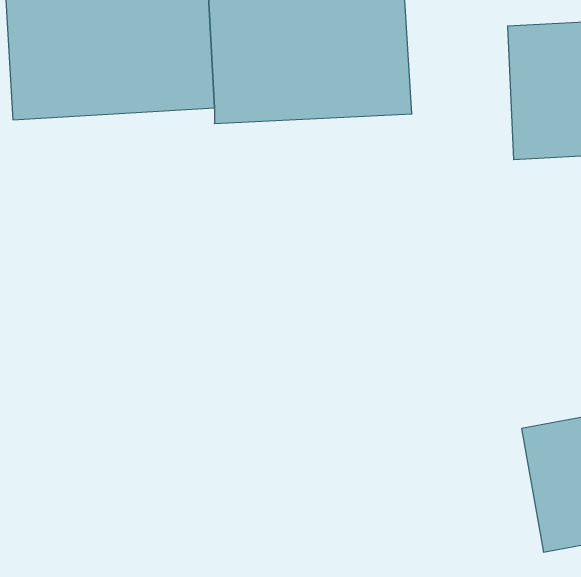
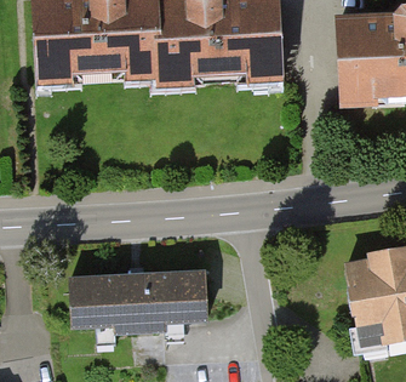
building: none -> [64,273,202,325]

